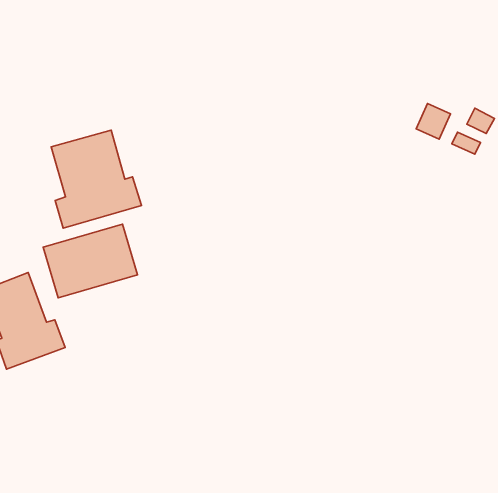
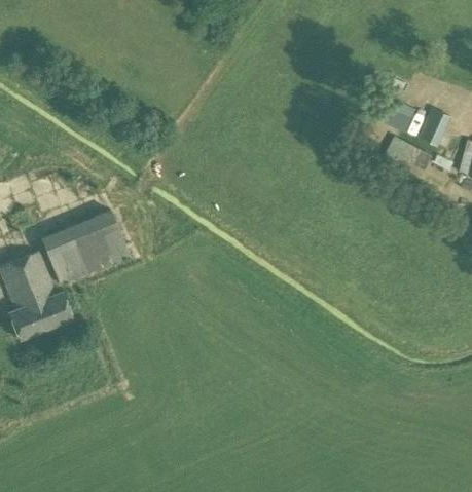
building: [51,130,141,228] -> none
building: none -> [386,138,432,173]

